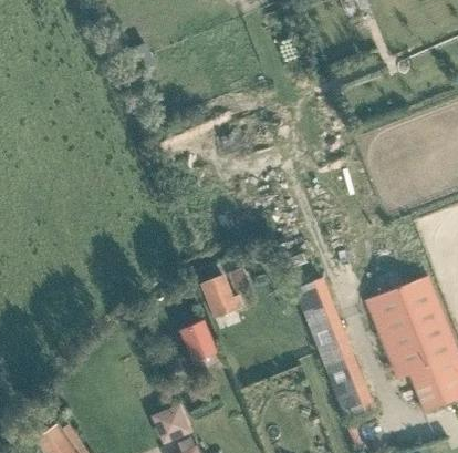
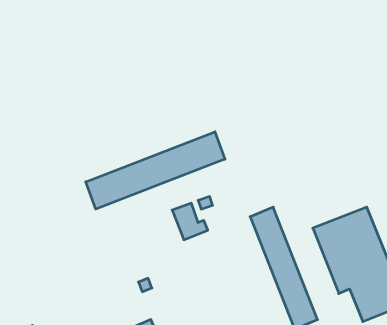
building: none -> [86,132,225,209]
building: [183,321,216,360] -> none

